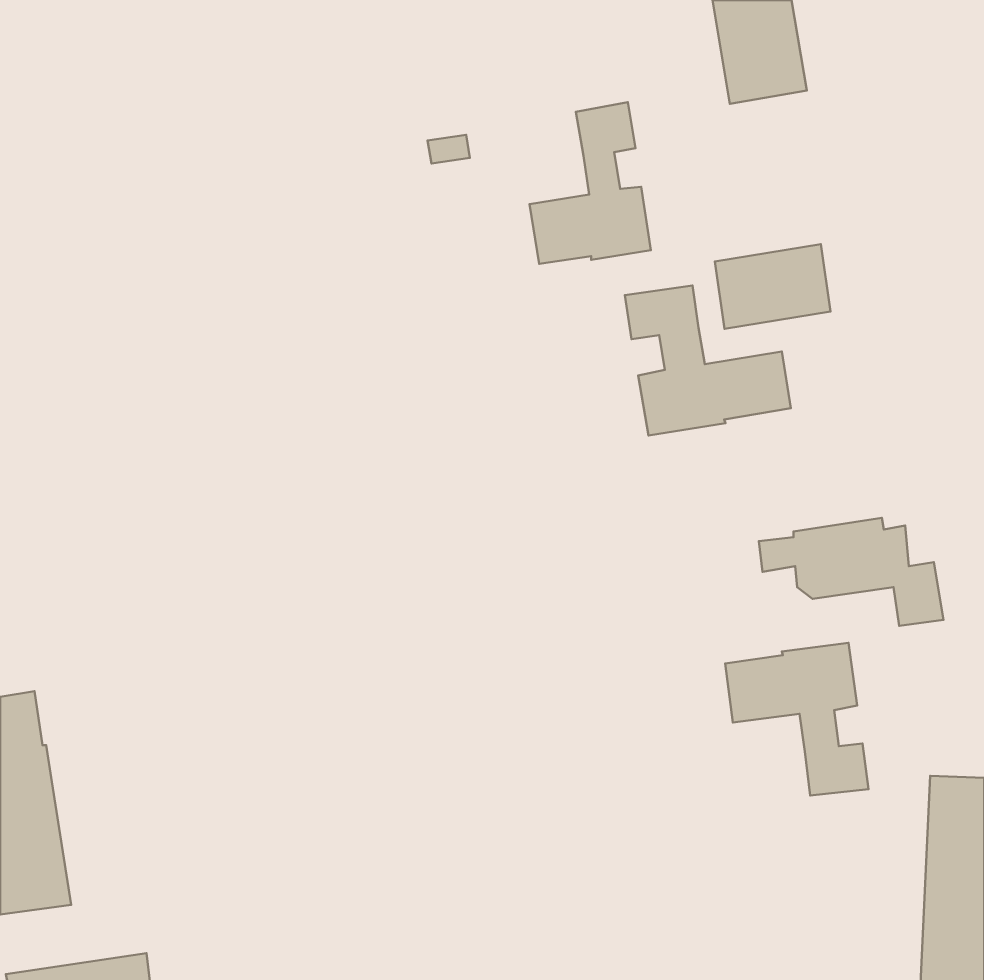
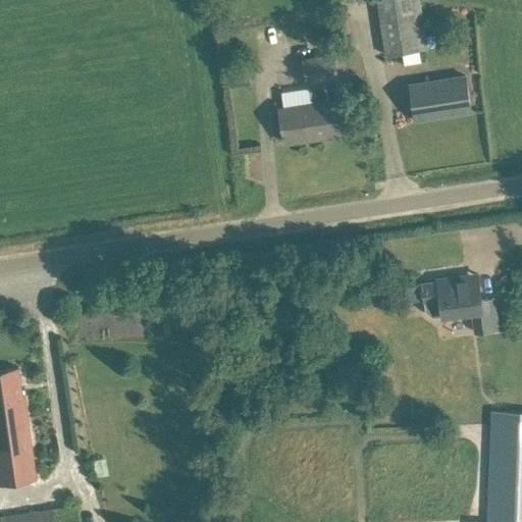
building: [715,244,830,329] -> [410,76,471,121]
building: [625,286,791,435] -> none
building: [725,643,868,796] -> none

